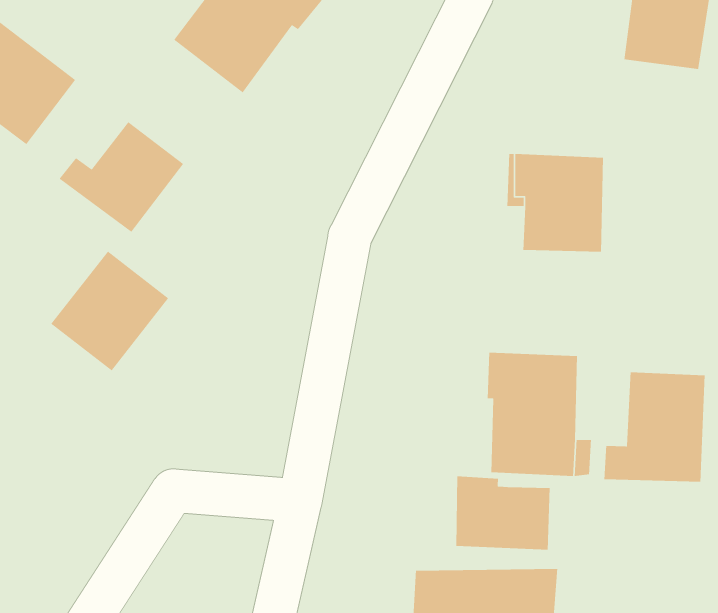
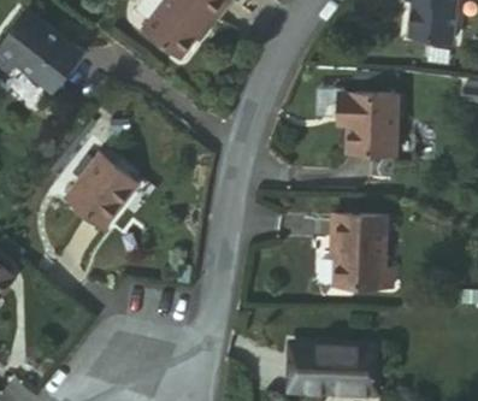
building: [59,121,184,233] -> none
building: [603,371,706,482] -> none
building: [455,476,551,550] -> none

